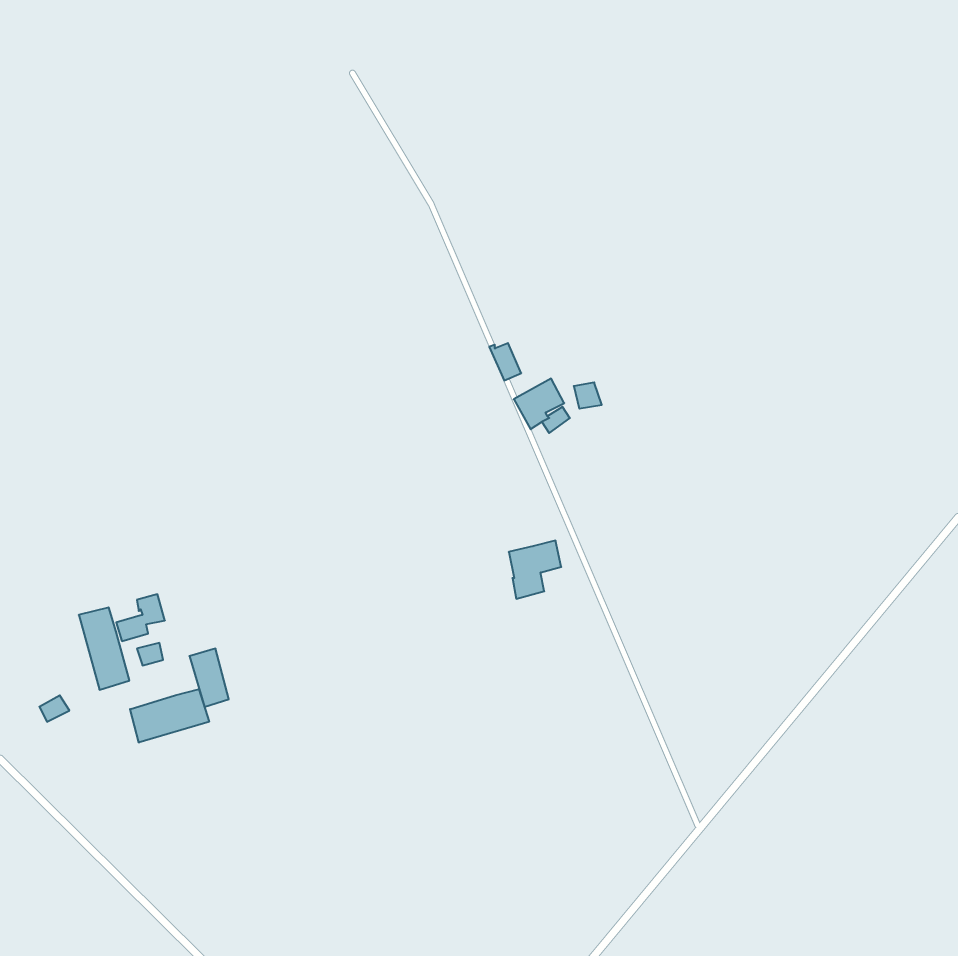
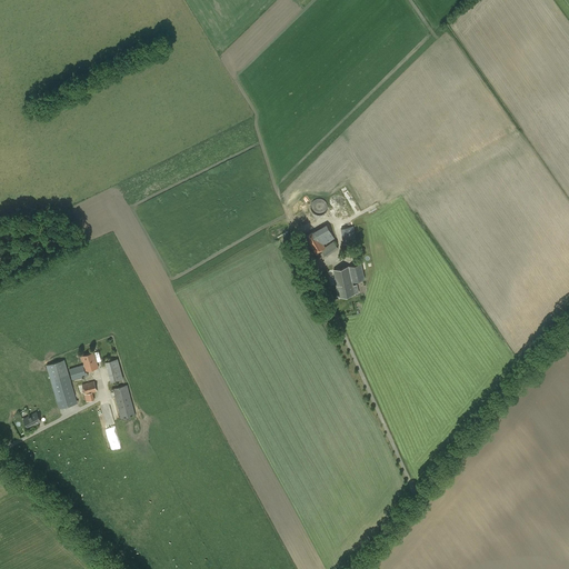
building: [509,541,561,599] -> [333,264,365,299]
building: [130,689,209,743] -> none

